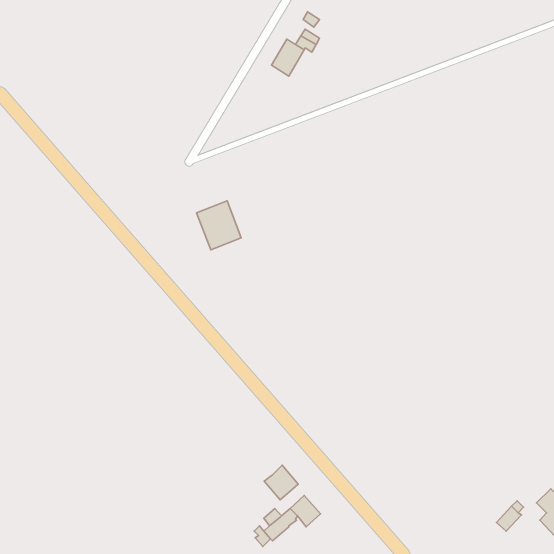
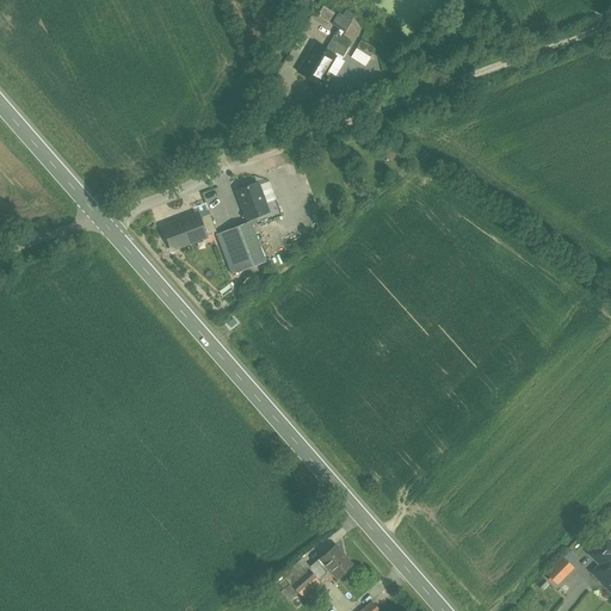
building: none -> [239,181,270,218]
building: none -> [163,214,217,249]
building: [264,465,298,500] -> none

